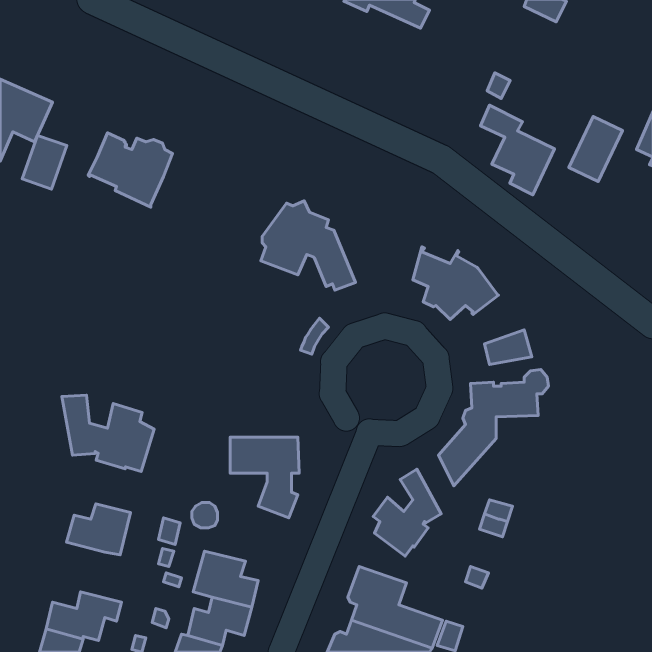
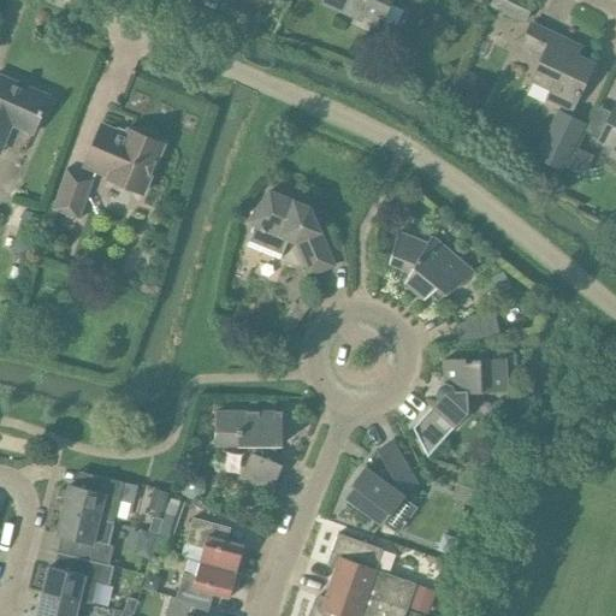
building: [480,105,555,195] -> [523,24,593,108]
building: [22,135,67,189] -> [53,168,95,219]
building: [62,395,154,472] -> none
building: none -> [58,510,116,567]

